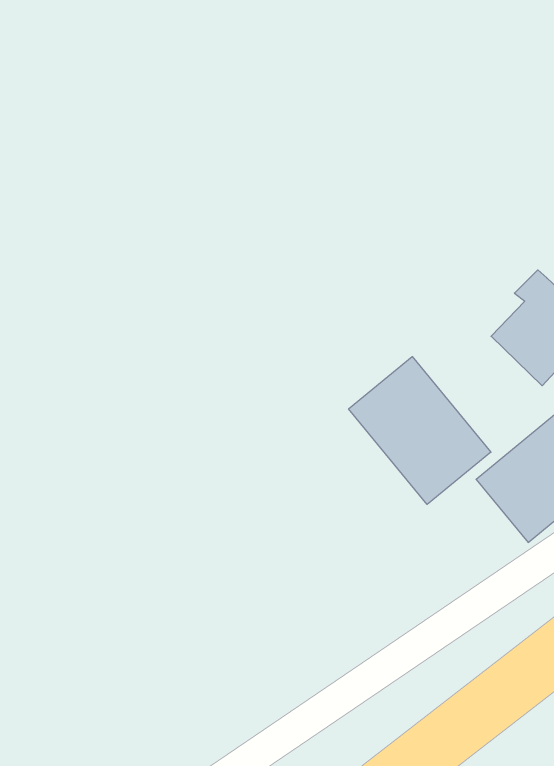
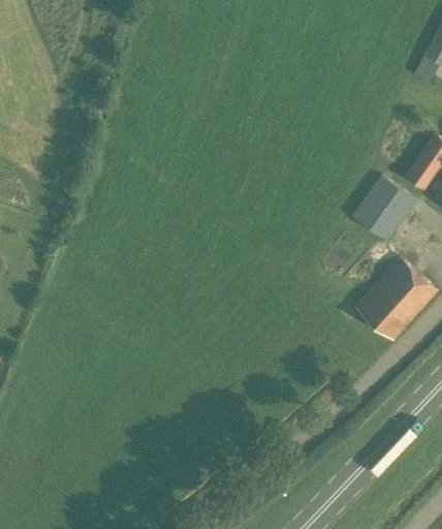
building: [349,357,491,504] -> none

